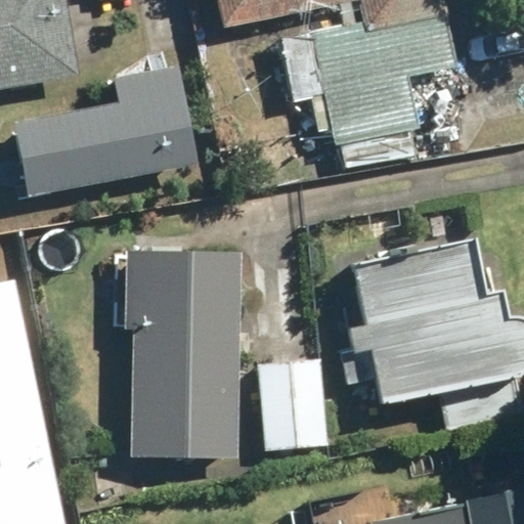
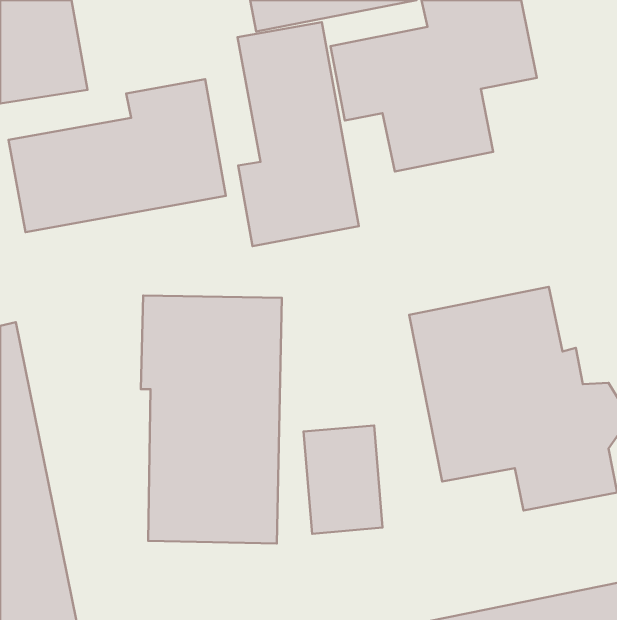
building: none -> [237,22,359,246]

